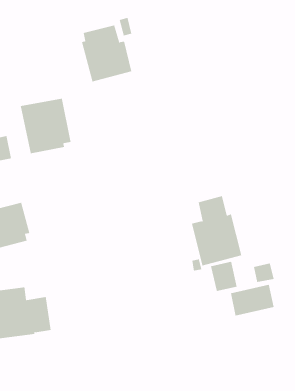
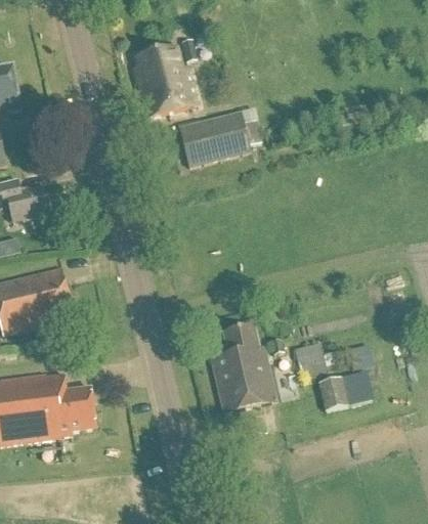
building: none -> [177,110,251,166]
building: [20,98,71,154] -> none
building: [191,195,242,266] -> [212,324,275,412]

